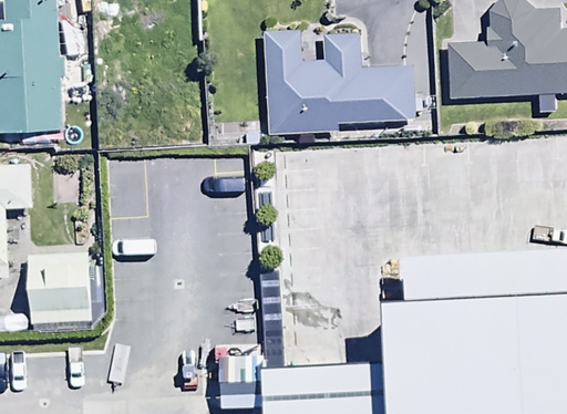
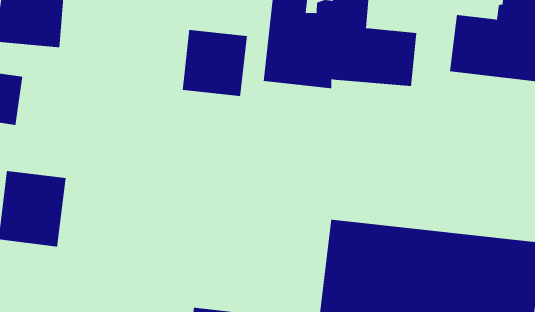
building: none -> [182,29,247,97]

